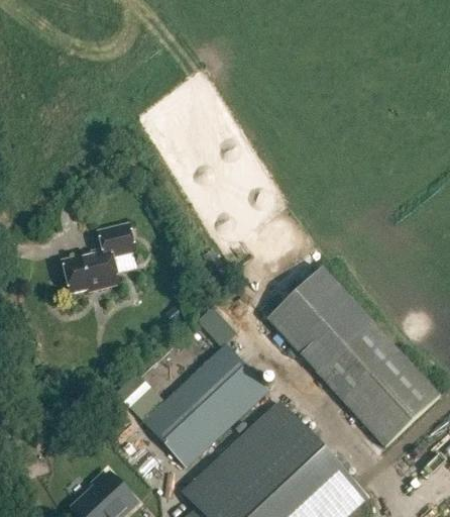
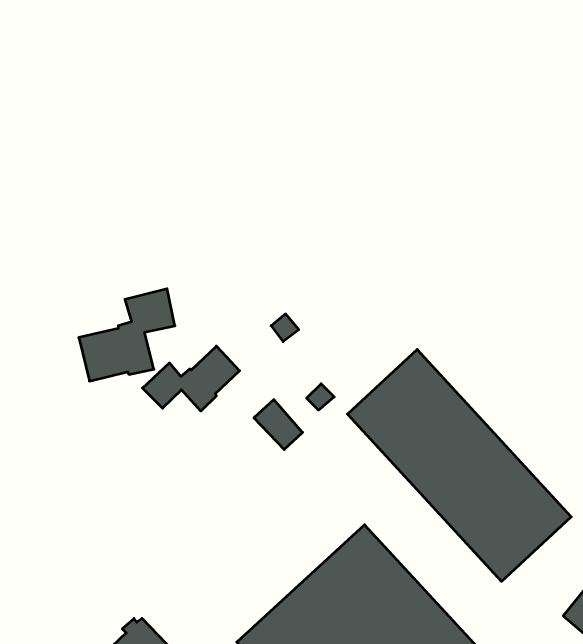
building: none -> [142,346,240,411]
building: [124,344,267,467] -> none

